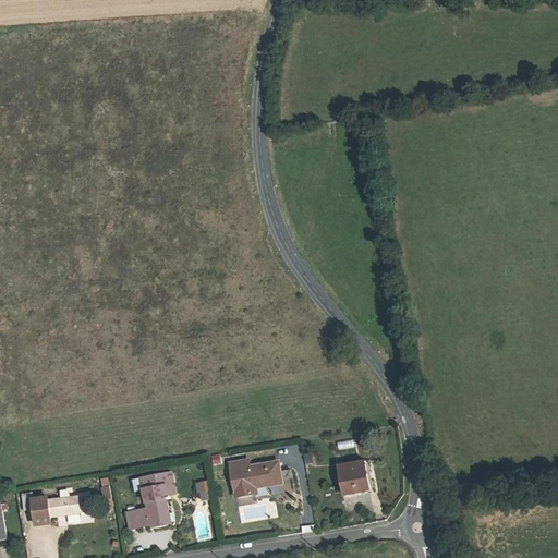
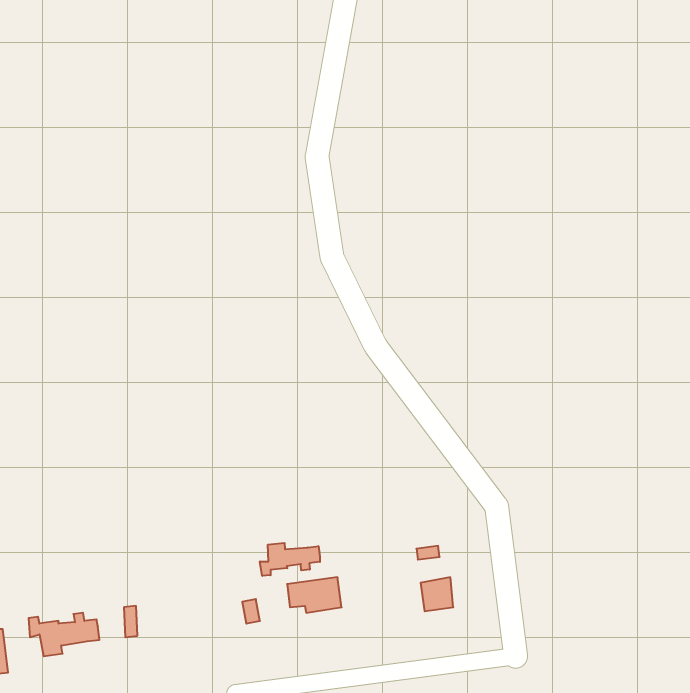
building: none -> [260,543,320,576]
building: [128,482,171,529] -> none

